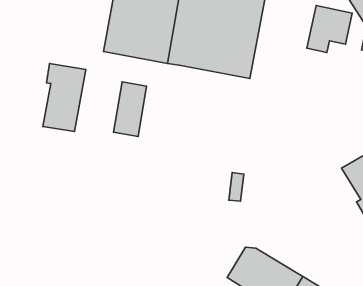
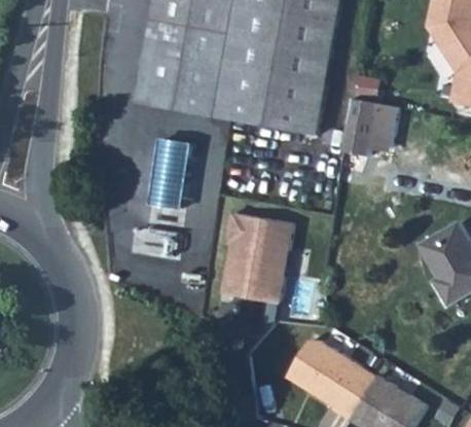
building: [307,6,352,53] -> [340,96,396,153]
building: [43,63,86,132] -> none
building: none -> [224,213,291,303]

